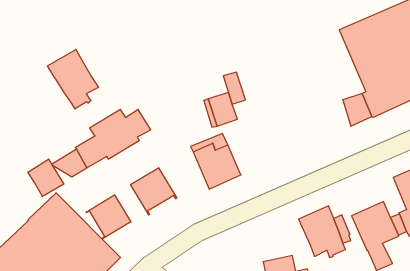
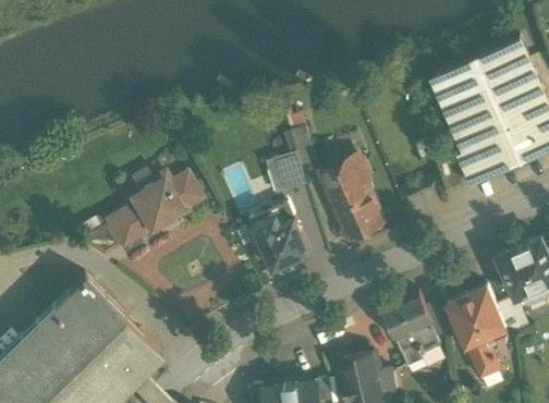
building: [47,49,99,109] -> none
building: none -> [322,160,383,239]
building: [28,159,64,197] -> none
building: [131,168,177,215] -> none
building: [86,195,131,239] -> none

